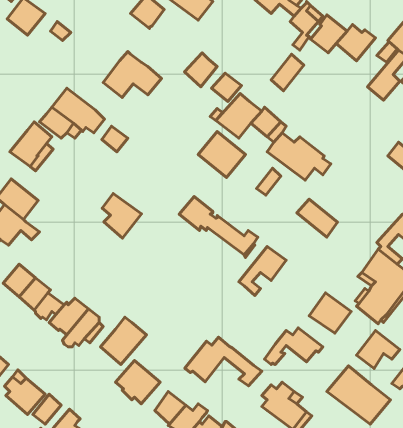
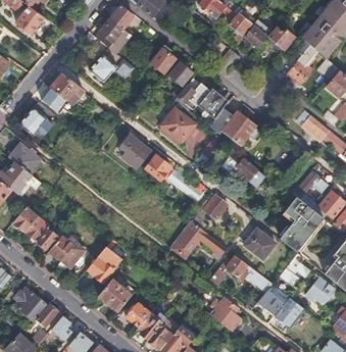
building: none -> [94,17,132,54]
building: [102,193,142,238] -> [121,135,151,168]
building: [185,337,262,386] -> [168,222,227,259]

